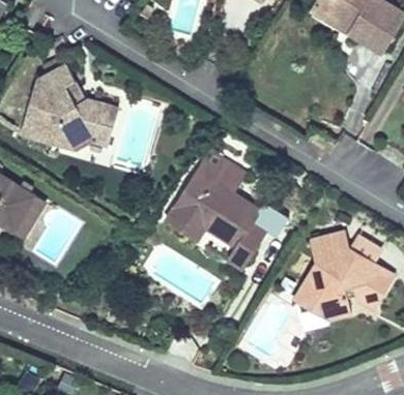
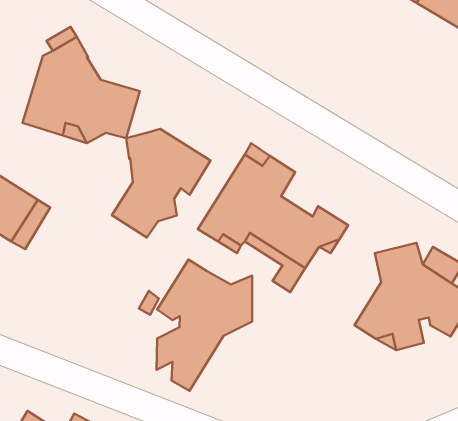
building: none -> [112,129,211,237]
building: none -> [156,259,252,391]

